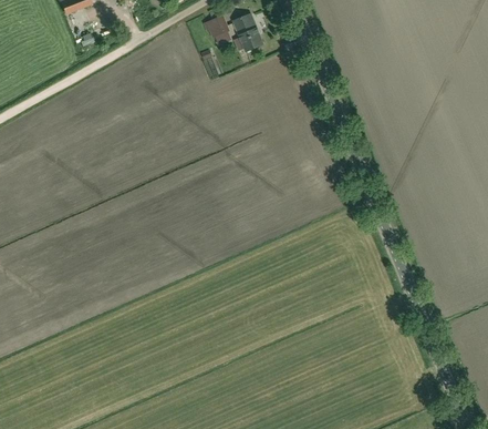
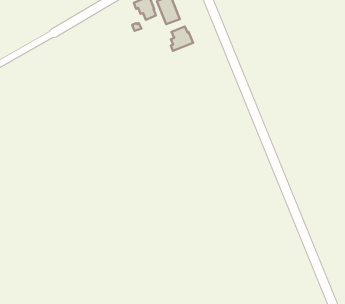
building: none -> [171,27,193,51]

